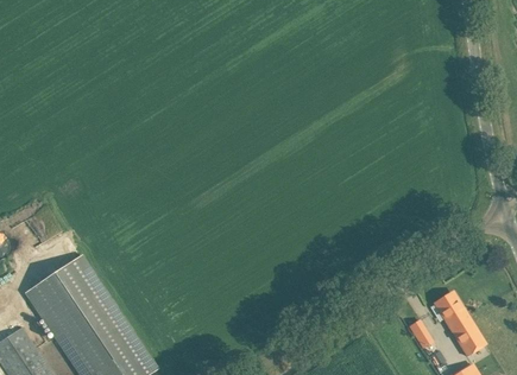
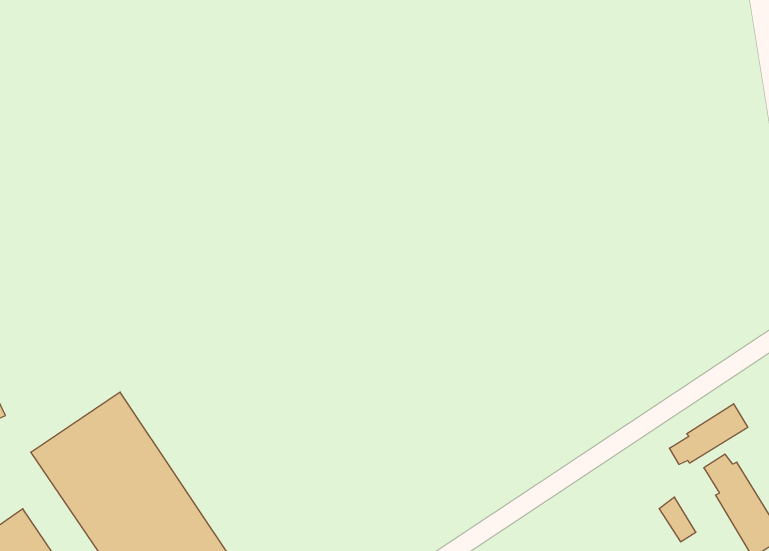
building: none -> [669,404,748,464]

